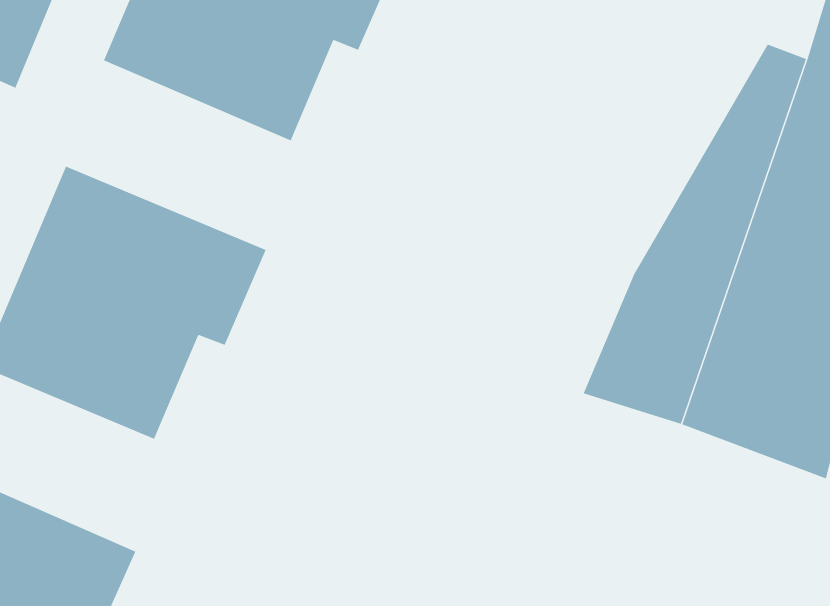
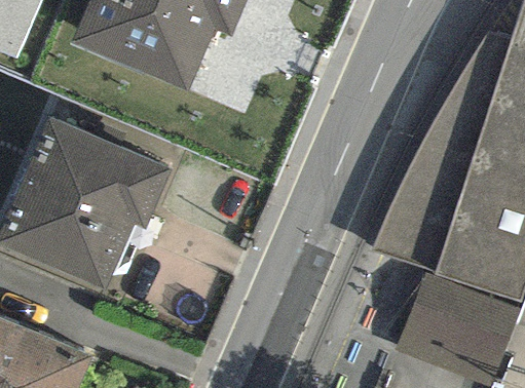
building: none -> [404,284,517,383]

